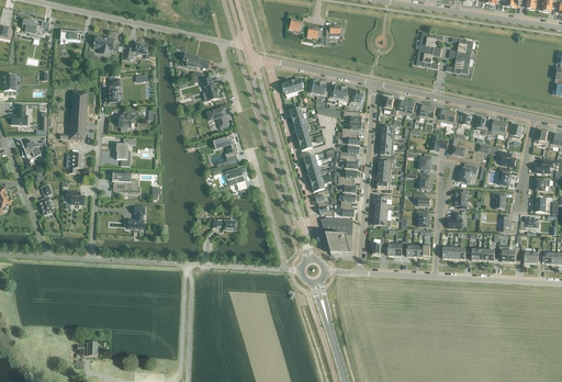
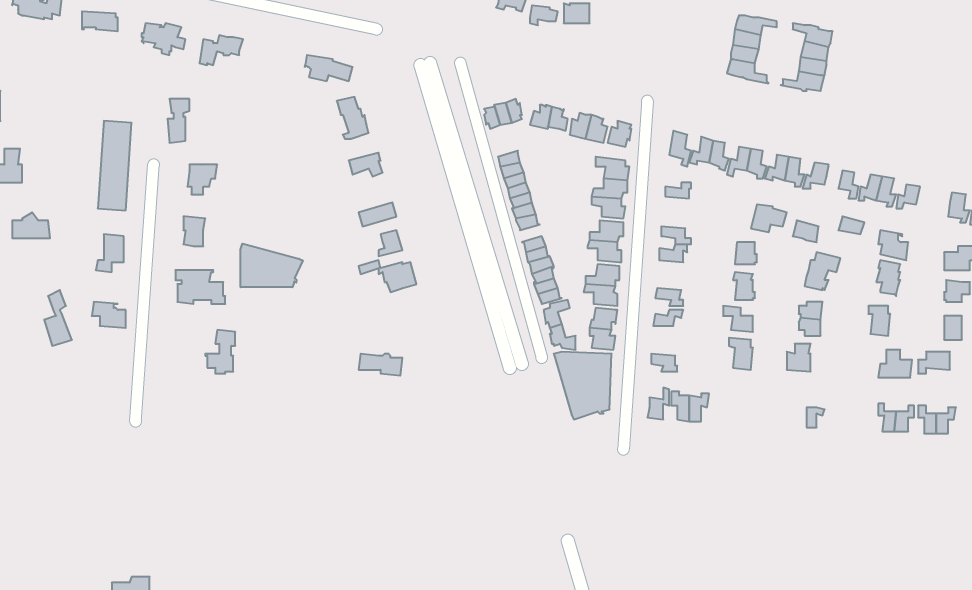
building: none -> [240,244,303,287]

